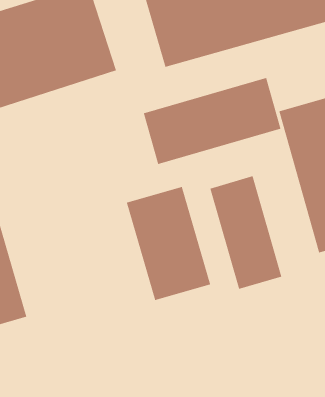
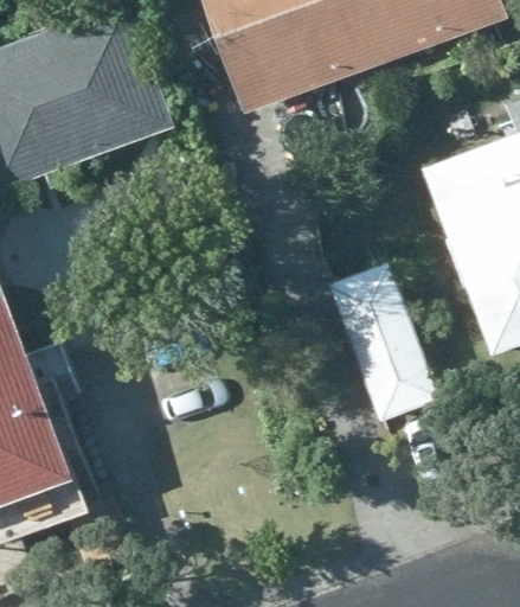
building: [143,77,281,165] -> none
building: [126,186,211,301] -> none

